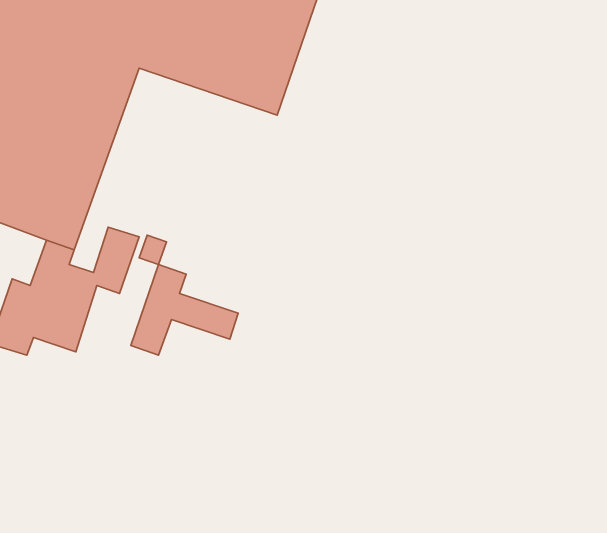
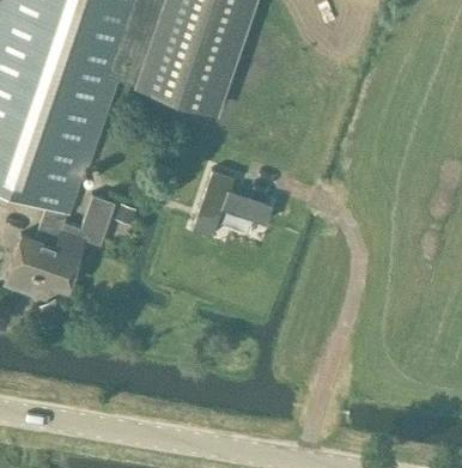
building: [131,264,238,355] -> [193,171,272,238]

